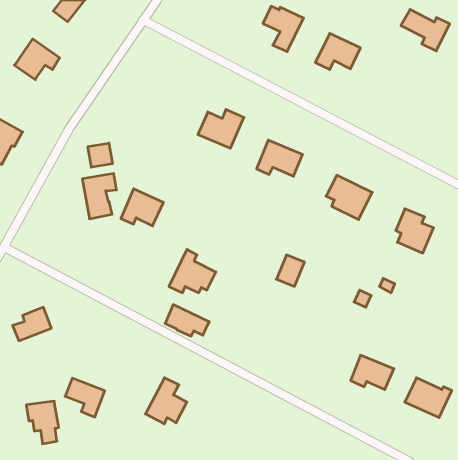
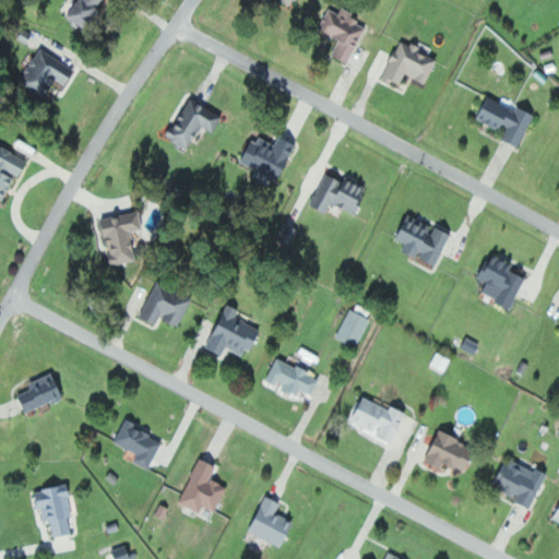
building: [401,9,450,51] -> [475,97,534,147]
building: none -> [164,97,222,151]
building: [88,143,112,167] -> none
building: [121,189,163,226] -> [140,283,191,328]
building: [165,305,209,336] -> [265,358,319,396]
building: none -> [349,397,405,445]
building: [65,378,105,417] -> [112,423,160,469]
building: none -> [247,496,294,549]

